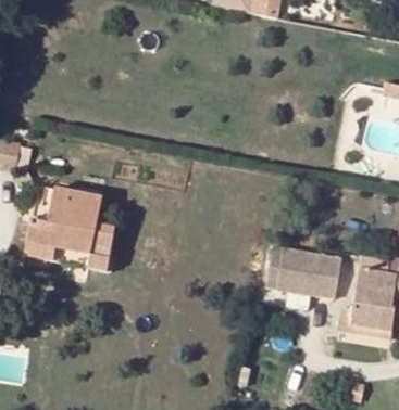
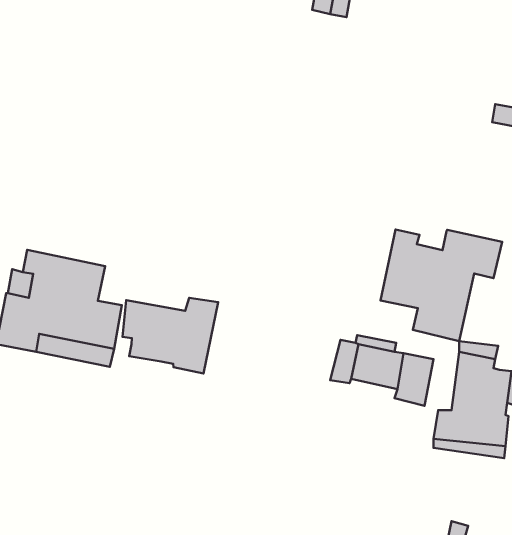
building: none -> [380,230,502,341]
building: none -> [123,298,218,373]

